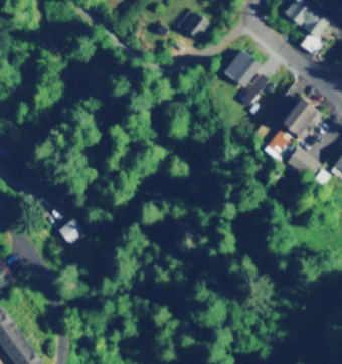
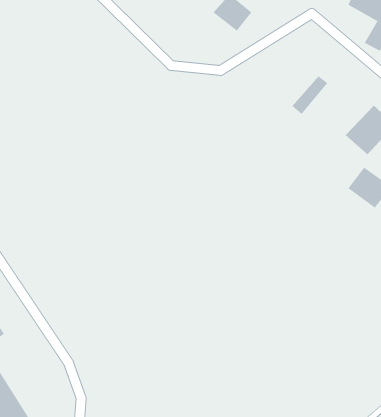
building: [224,50,265,90] -> none
building: [263,131,291,160] -> none
building: [57,217,84,244] -> none

